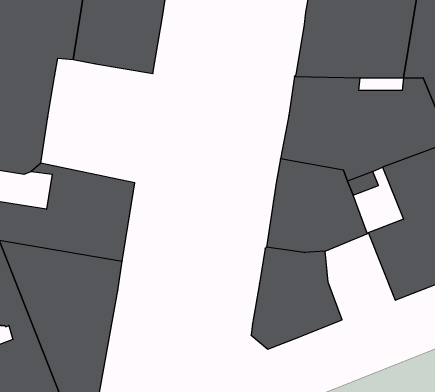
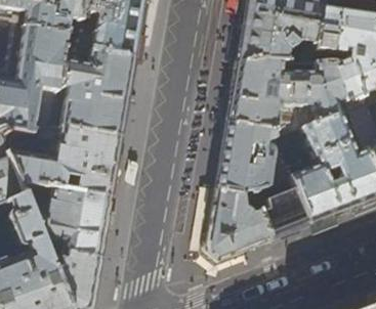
building: none -> [55,52,132,139]
building: none -> [258,176,309,239]

